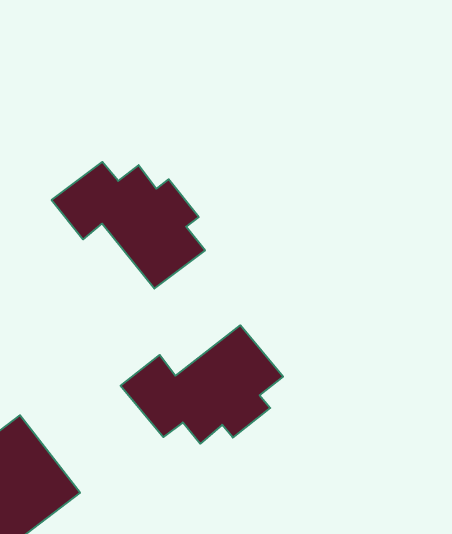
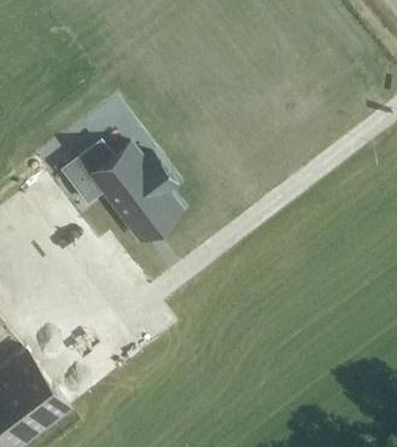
building: [121,325,283,444] -> none

